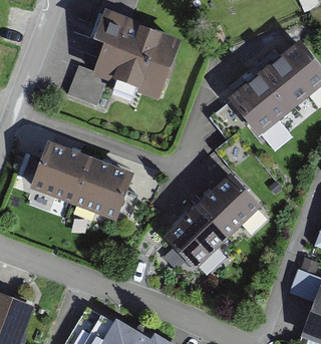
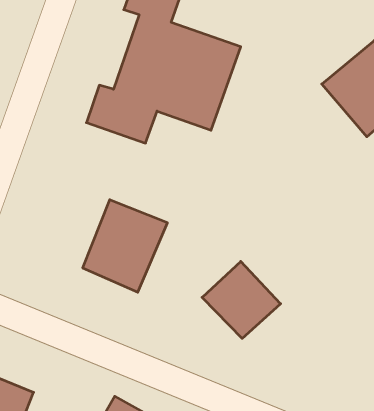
building: [223,68,291,149] -> none
building: [24,140,90,212] -> none
building: [193,175,269,240] -> none

